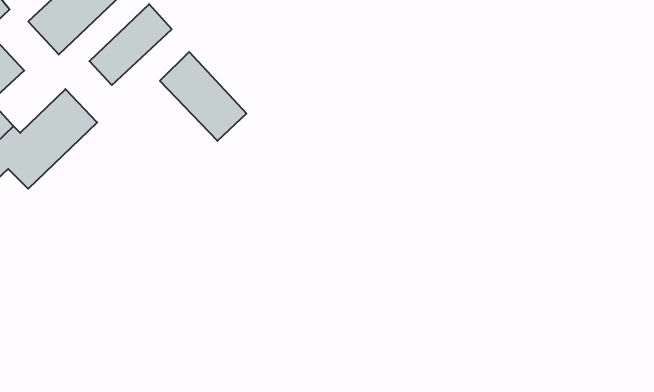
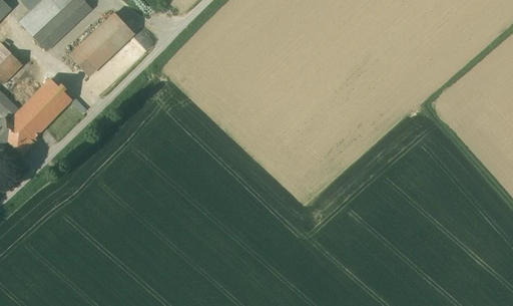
building: [160,52,246,141] -> none

